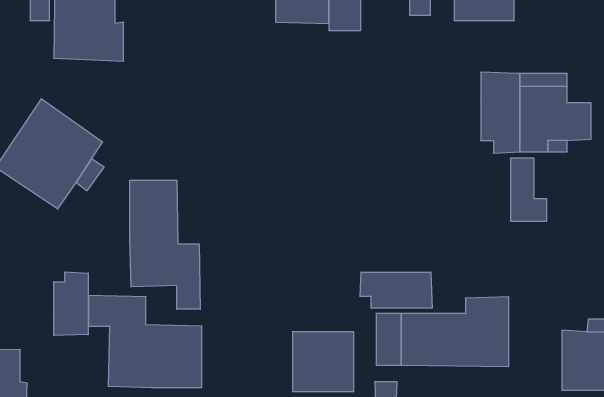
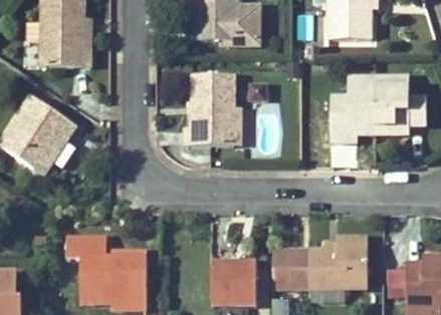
building: none -> [185,74,234,145]
building: [510,158,547,221] -> [330,96,357,141]
building: [130,180,200,309] -> none
building: [54,272,88,336] -> none
building: [360,272,432,308] -> none

